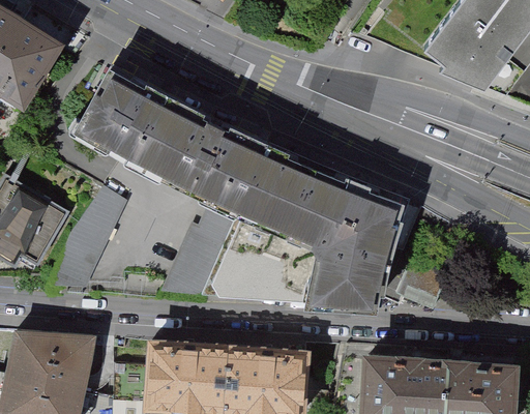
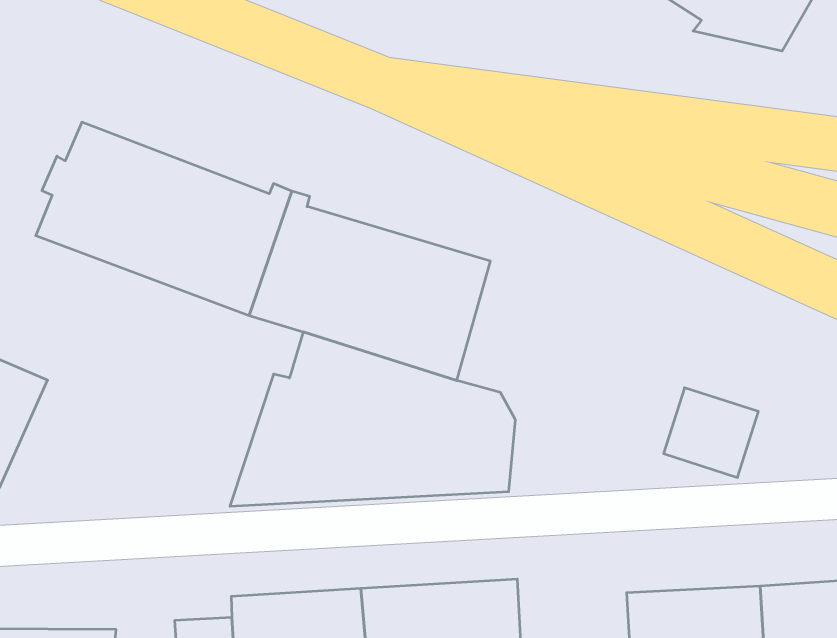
building: [292,174,402,300] -> none
building: [53,187,128,282] -> none

